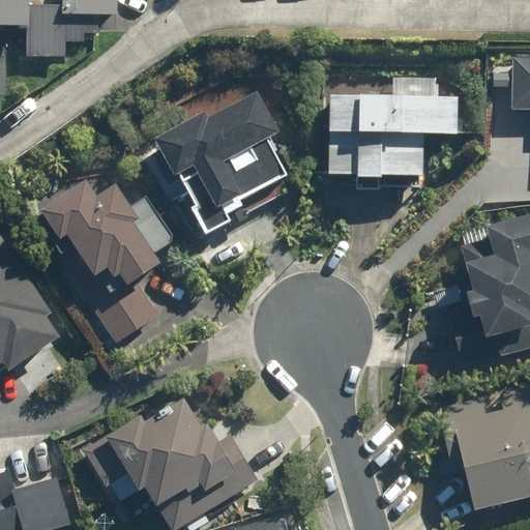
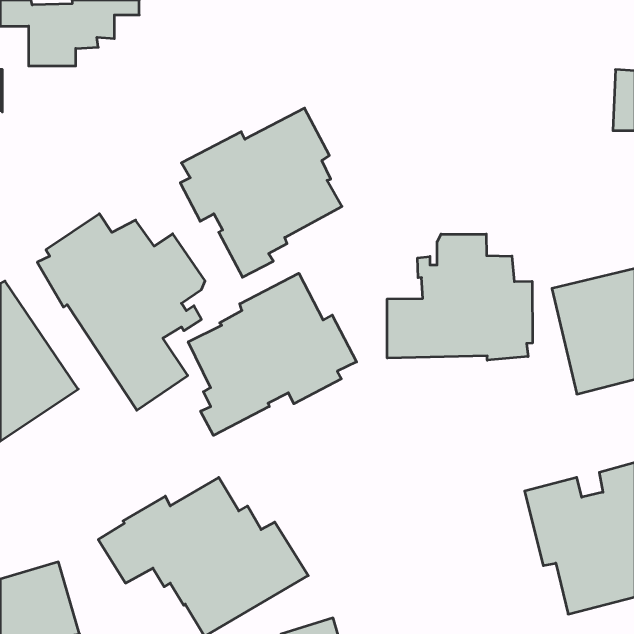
building: [328,92,455,176] -> none
building: none -> [387,234,532,360]
building: none -> [188,273,357,435]

